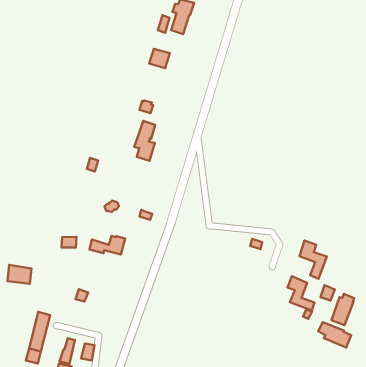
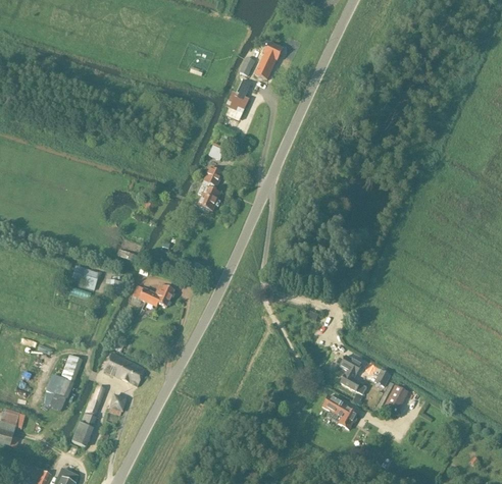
building: [300,241,327,279] -> none
building: [8,265,32,284] -> [70,265,98,288]
building: none -> [102,353,144,386]
building: [318,322,351,347] -> [321,396,356,427]

